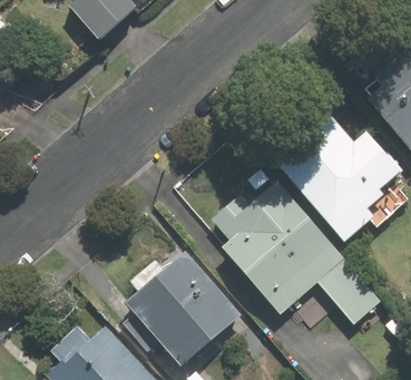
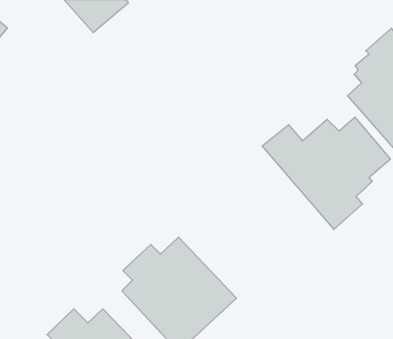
building: [209,181,381,323] -> none

